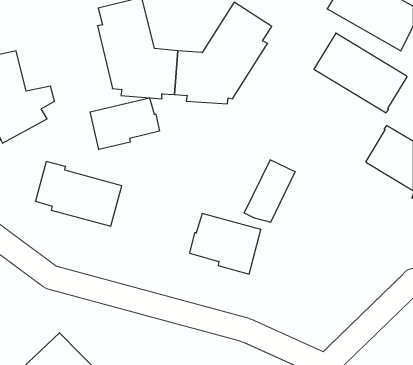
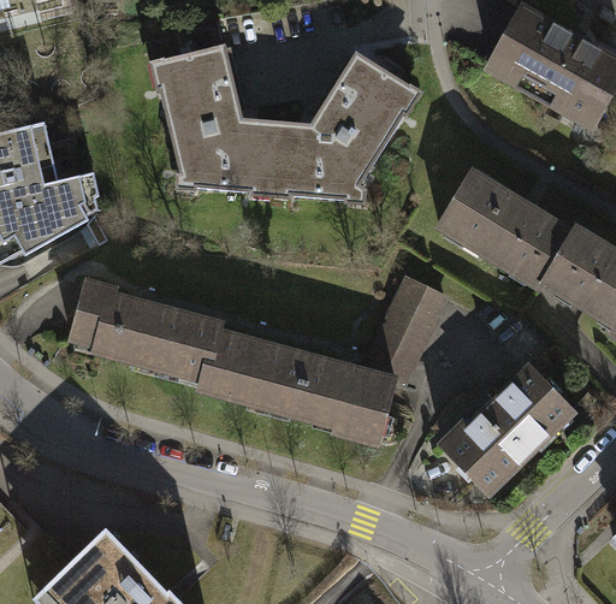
building: [314,33,407,113] -> [439,173,573,288]
building: [90,98,159,150] -> none
building: none -> [179,316,310,413]
building: none -> [442,367,571,487]

